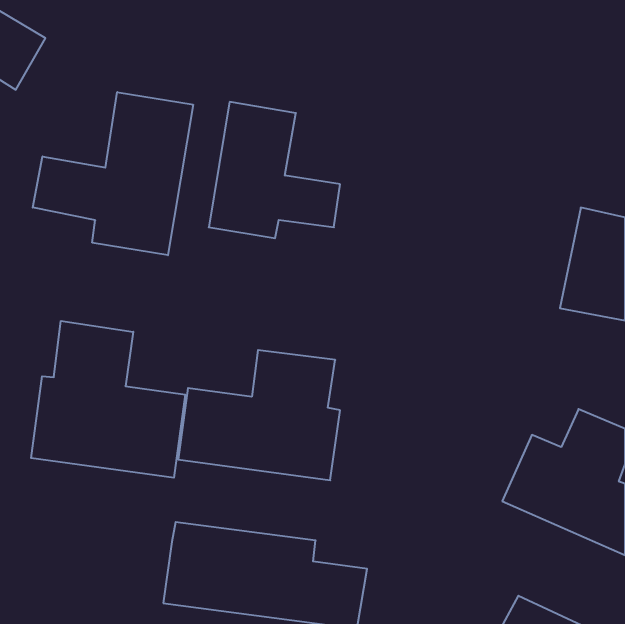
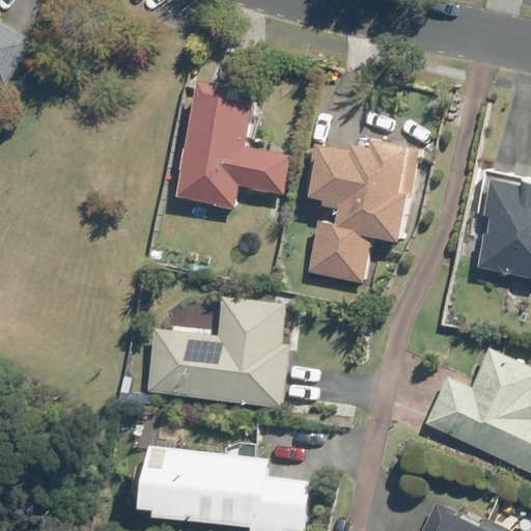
building: [33,92,193,255] -> none
building: none -> [310,138,415,282]
building: [31,321,185,478] -> none

